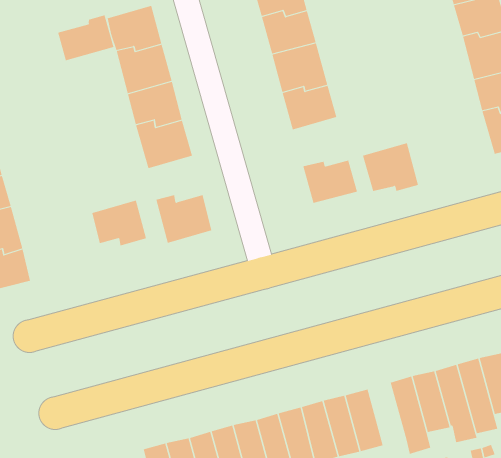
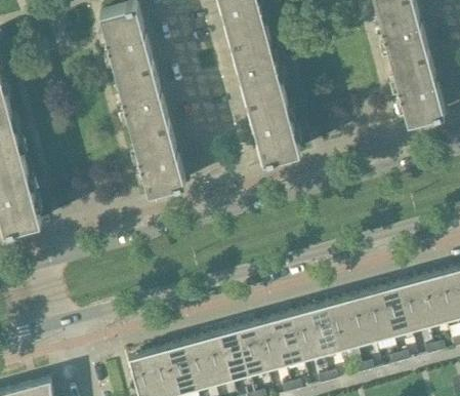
building: [58,14,114,61] -> none
building: [362,143,419,191] -> [247,95,292,134]
building: [91,200,147,246] -> [132,126,176,163]
building: none -> [307,307,337,357]

